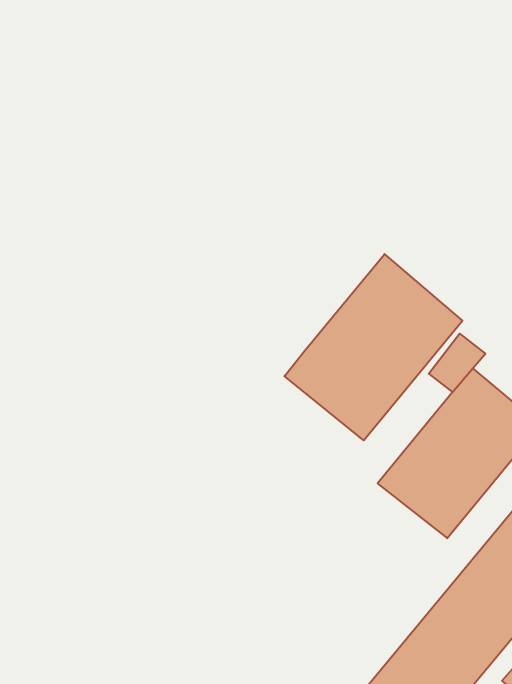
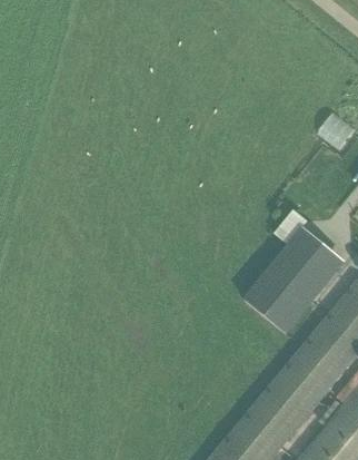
building: [284,254,462,440] -> none

